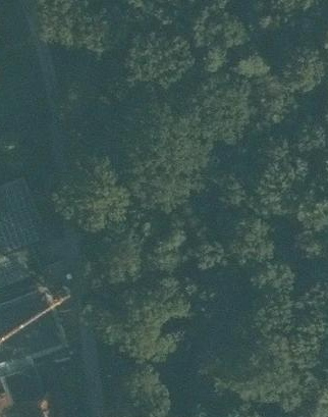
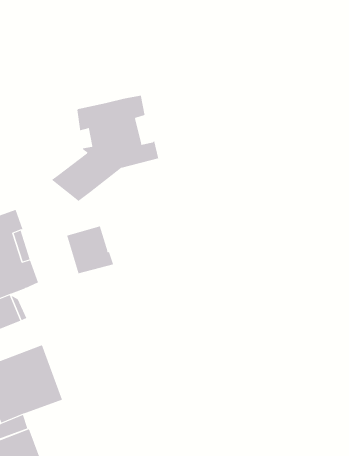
building: none -> [51,95,159,202]
building: none -> [67,225,114,274]

